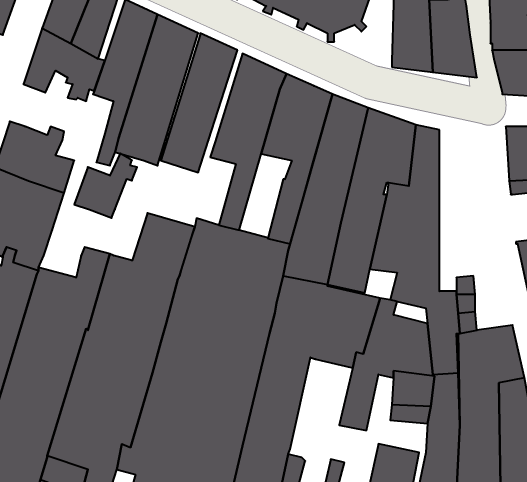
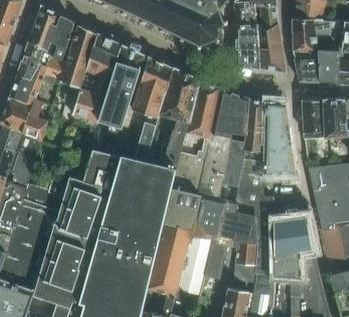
building: none -> [263,102,297,175]
building: [74,153,137,218] -> [10,67,47,105]
building: none -> [175,236,212,296]

